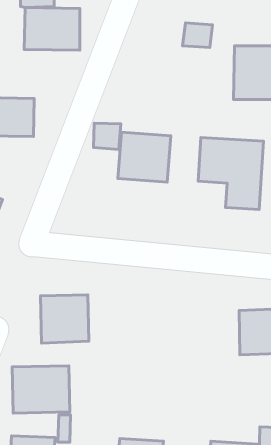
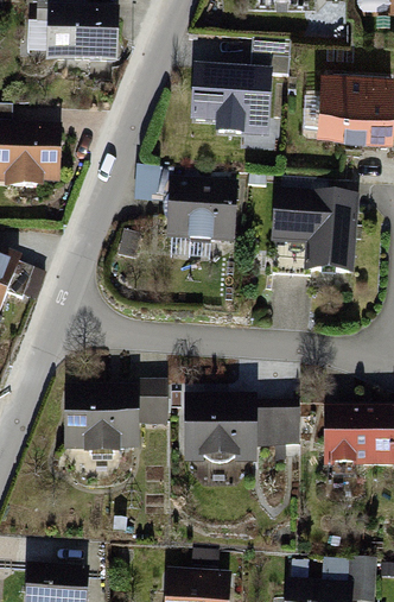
building: none -> [190,62,272,135]
building: none -> [133,379,166,427]
building: none -> [184,395,253,464]
building: none -> [259,400,293,446]
building: [12,366,70,413] -> none

